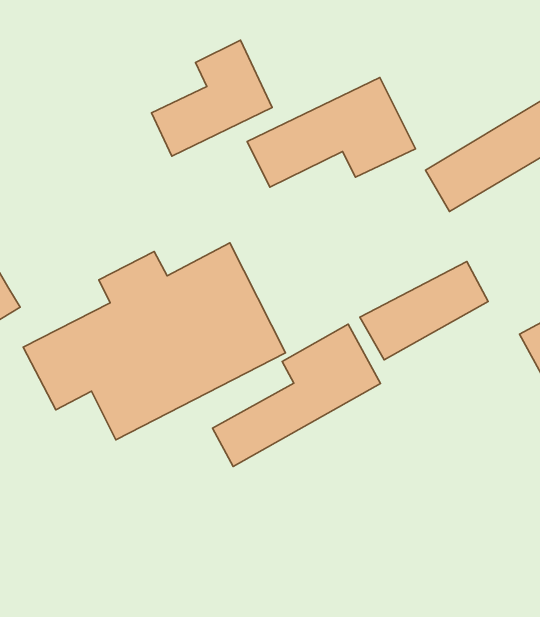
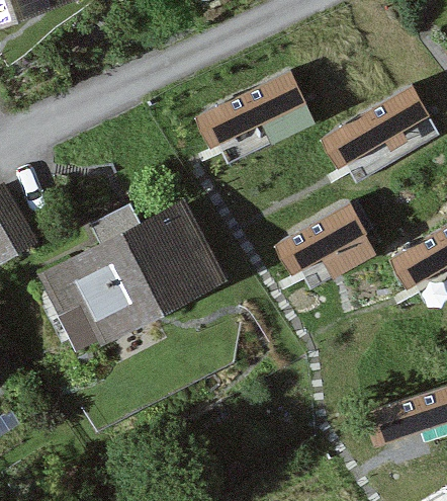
building: [152,40,272,156] -> none
building: [213,324,380,466] -> none

